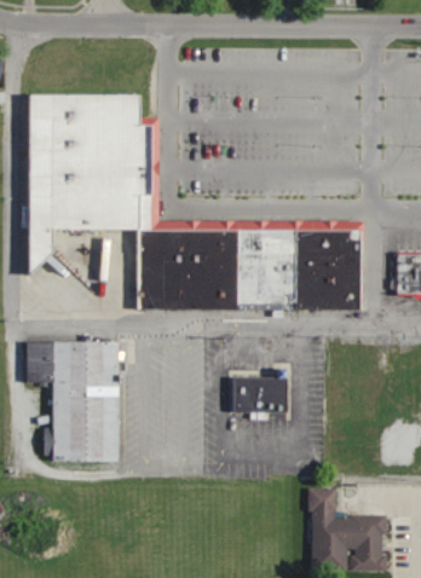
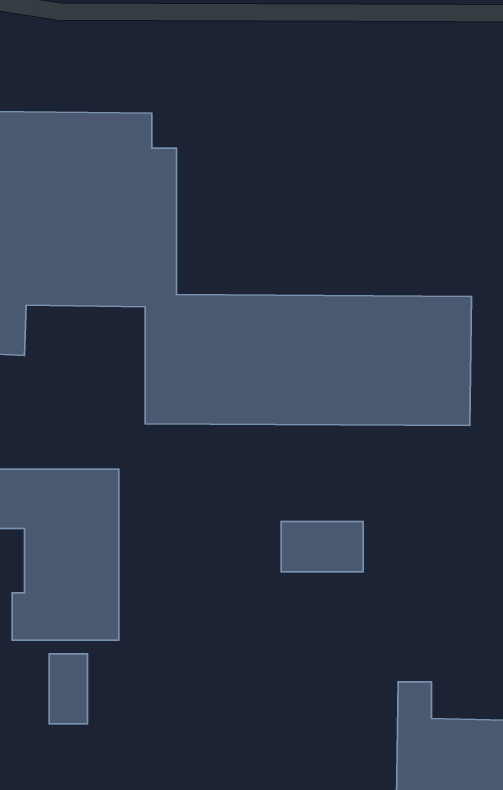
building: none -> [49,654,88,724]

